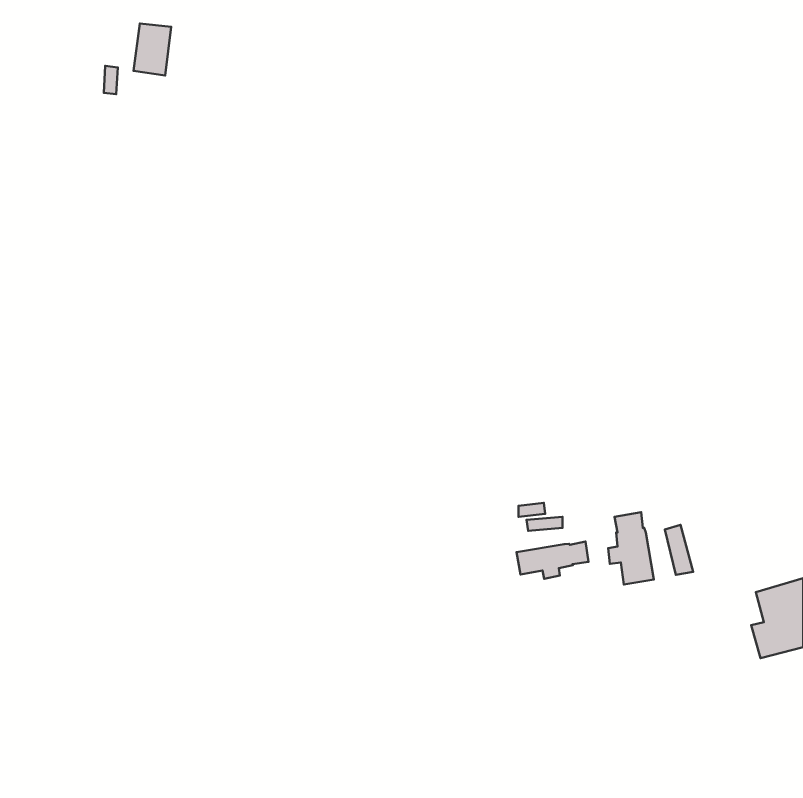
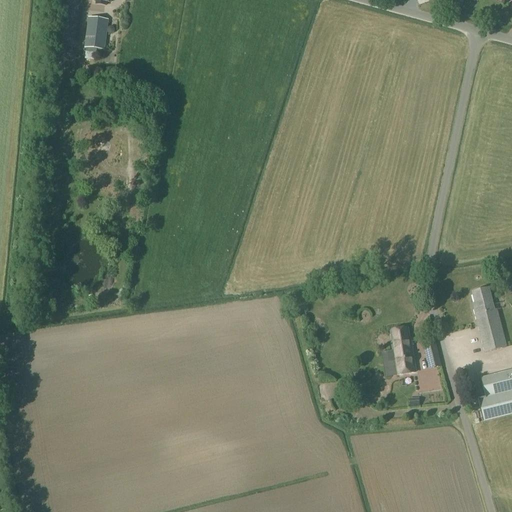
building: none -> [471,286,506,350]
building: [516,542,589,579] -> none

